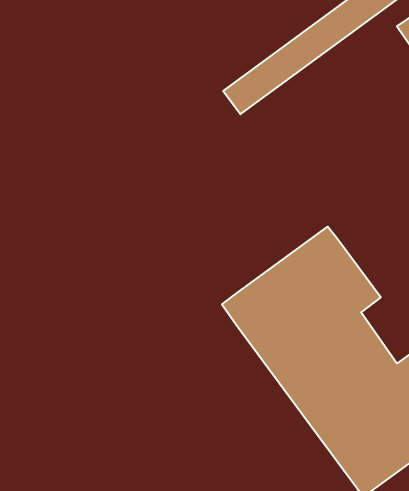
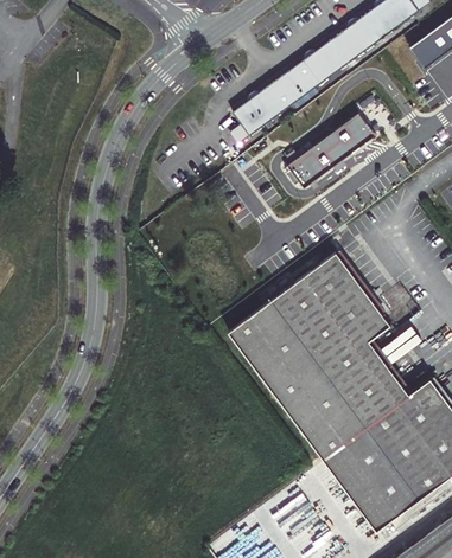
building: none -> [287,116,376,191]

